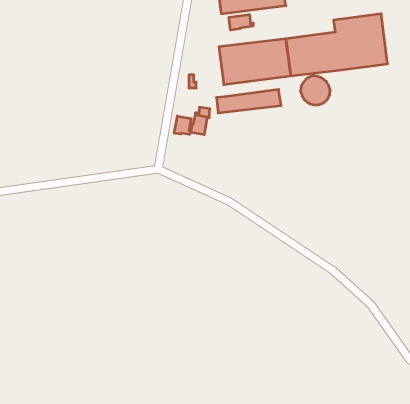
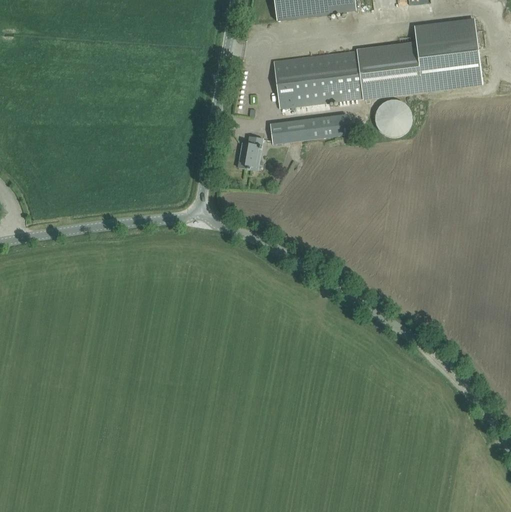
building: [229,15,253,30] -> none
building: [174,116,191,134] -> none

